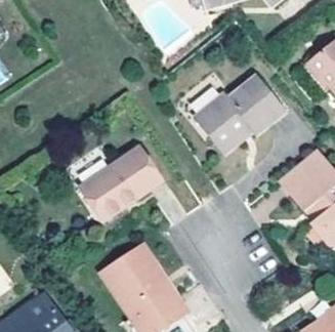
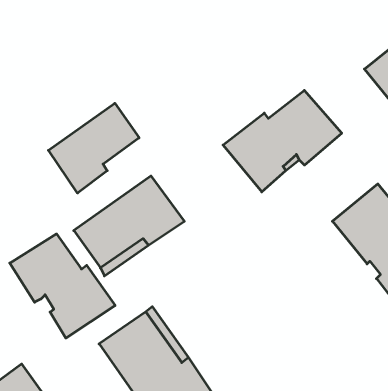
building: none -> [48,103,139,193]
building: none -> [10,234,115,338]

